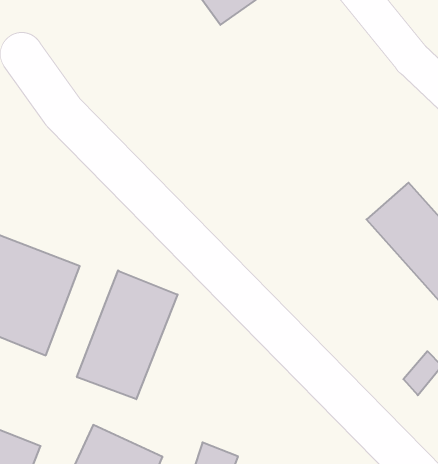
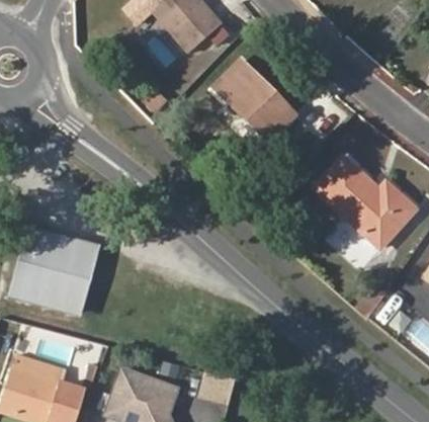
building: none -> [218,62,294,140]
building: [77,270,178,399] -> none

